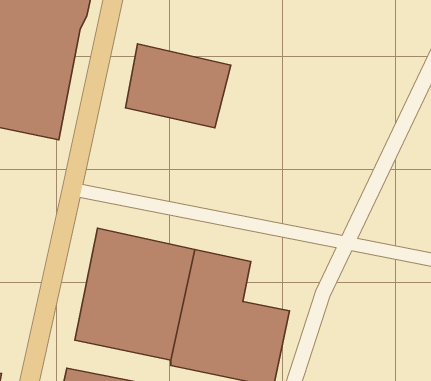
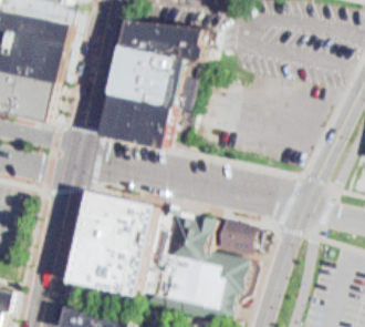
building: none -> [118,18,210,57]
building: none -> [100,91,182,149]
building: none -> [209,218,253,256]

